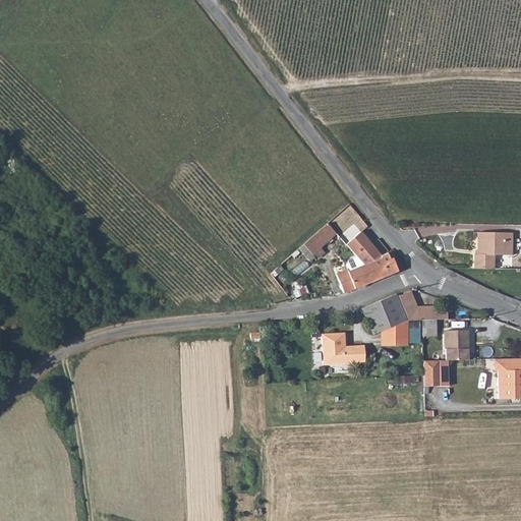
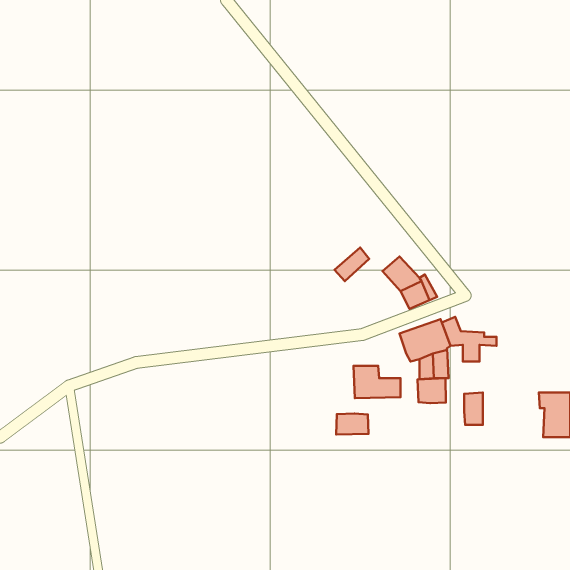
building: [472,230,512,270] -> none
building: [340,266,373,293] -> none
building: [446,329,469,358] -> none
building: none -> [417,378,446,403]
building: none -> [336,414,368,435]

